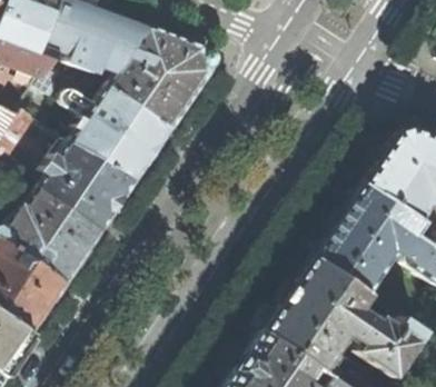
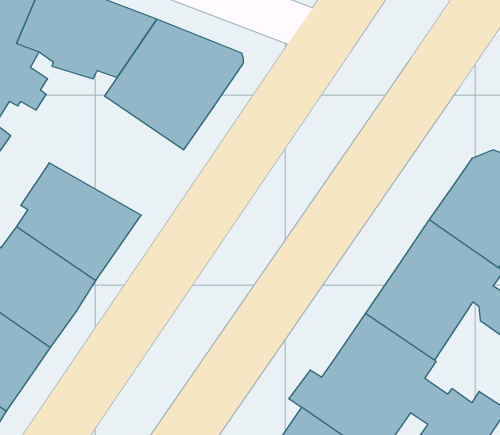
building: [63,88,172,181] -> none

